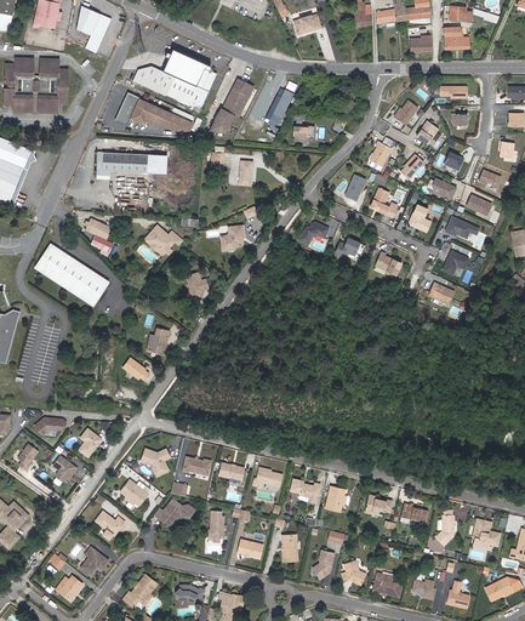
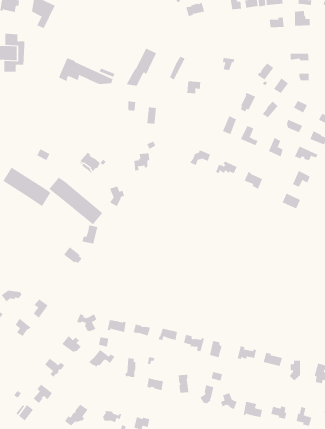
building: [135,50,217,108] -> none
building: [96,152,148,175] -> none
building: none -> [48,177,103,225]

